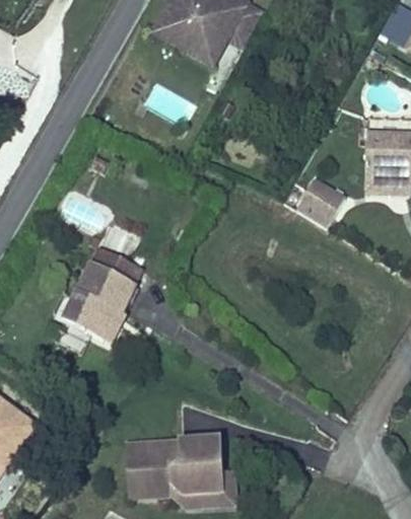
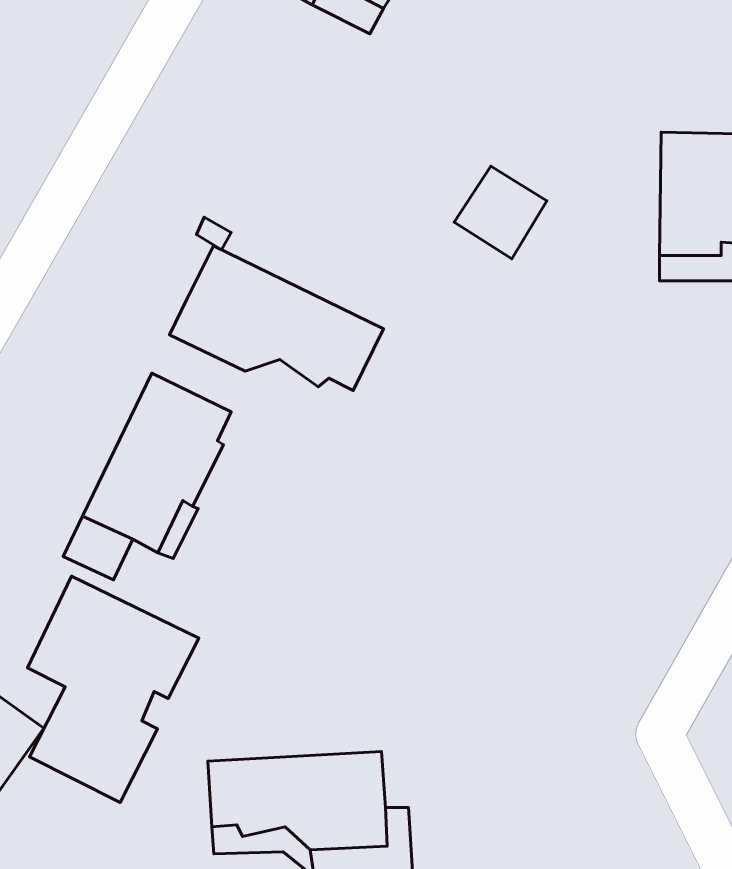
building: none -> [170,246,383,391]
building: [295,176,344,225] -> [454,166,547,259]
building: none -> [28,576,199,803]

